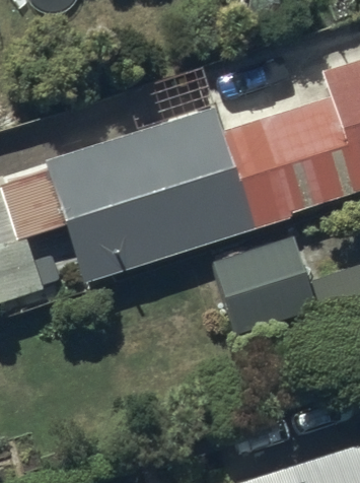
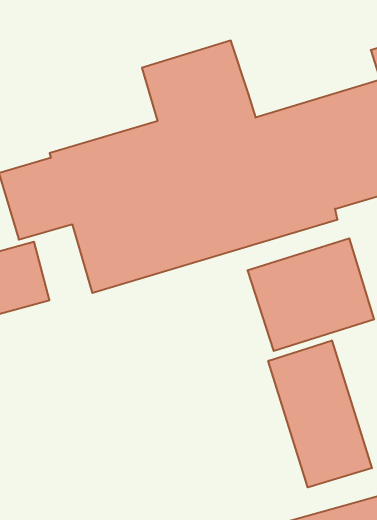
building: none -> [268,340,372,487]

